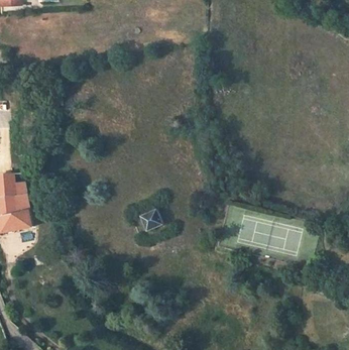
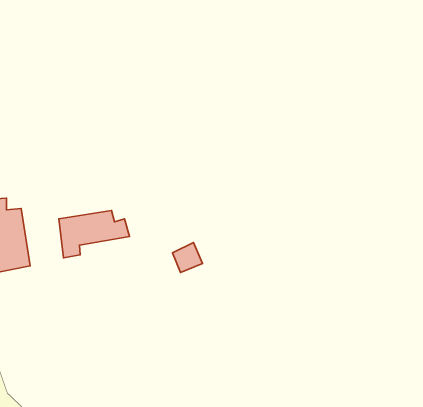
building: none -> [59,210,129,258]

